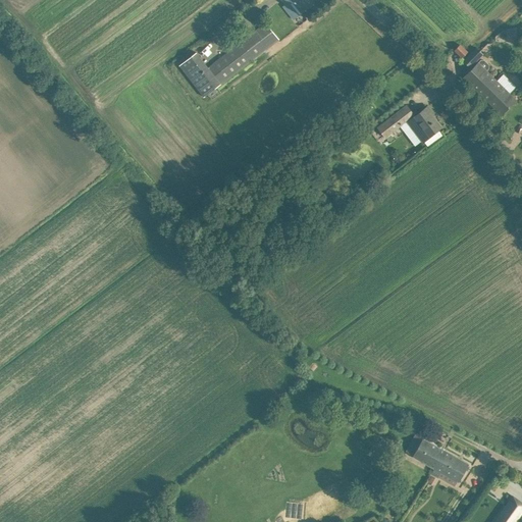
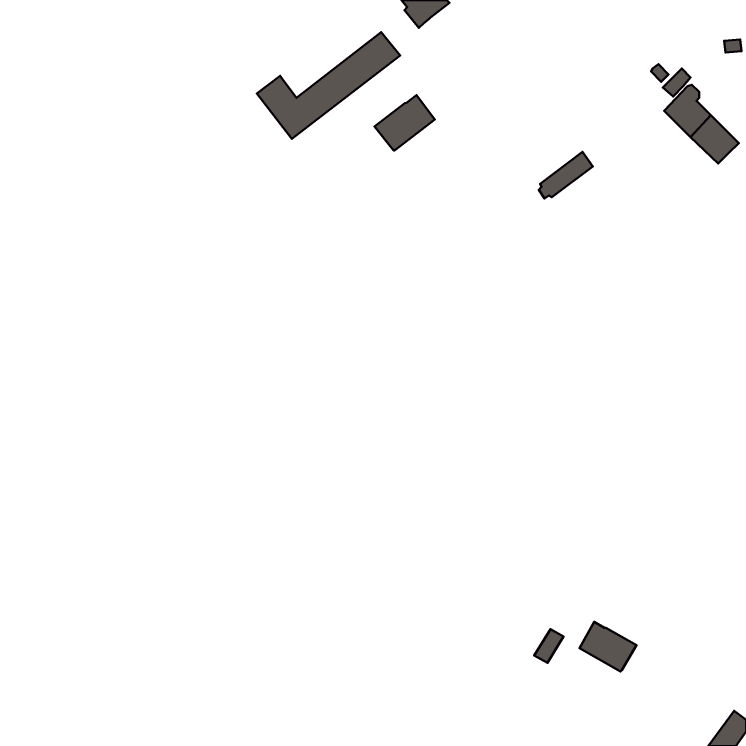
building: none -> [375,95,435,151]
building: [407,107,439,142] -> none
building: [431,451,469,482] -> none

